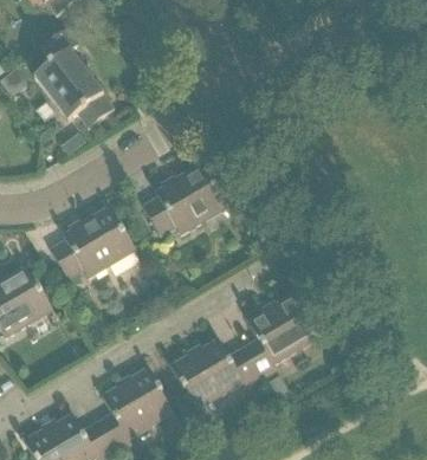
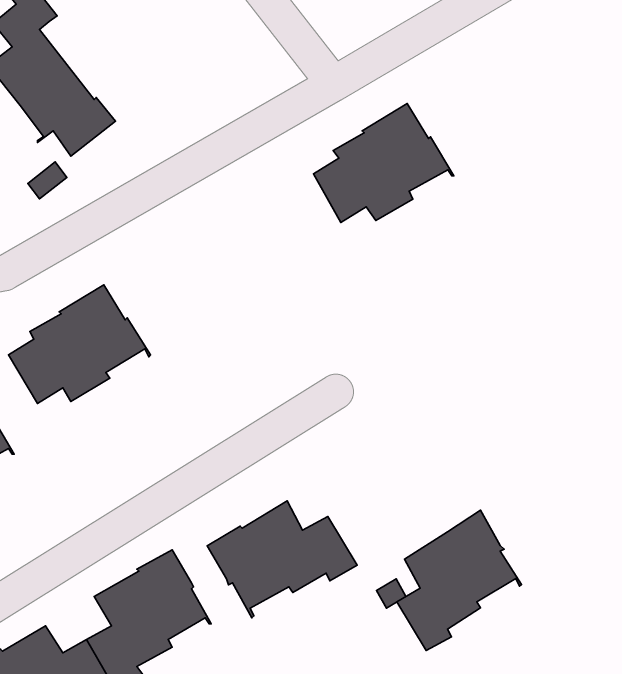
building: [143,162,228,234] -> [314,104,454,222]
building: [244,291,319,376] -> [397,510,522,651]

